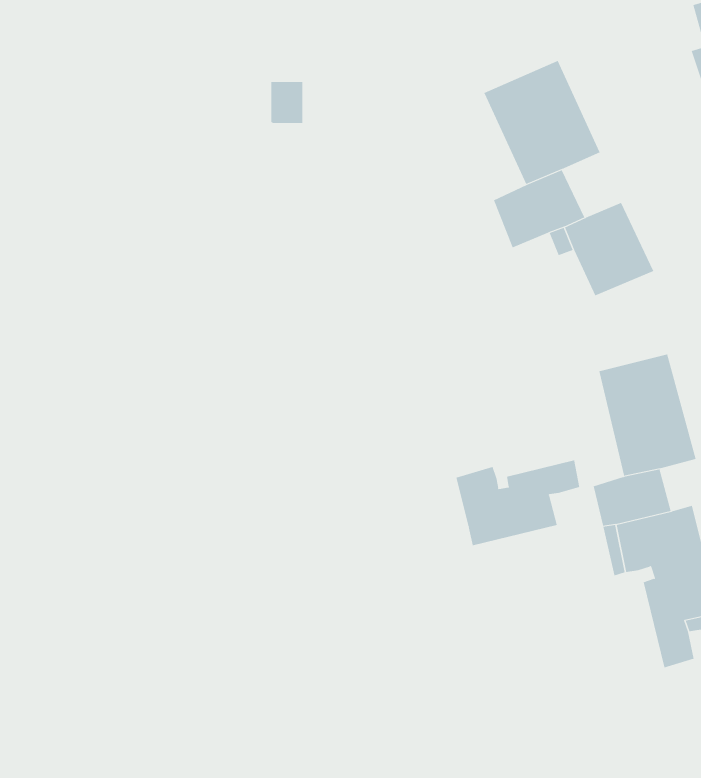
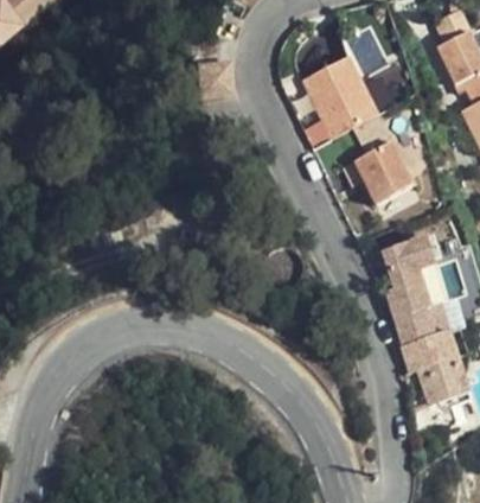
building: [456,459,580,546] -> none

